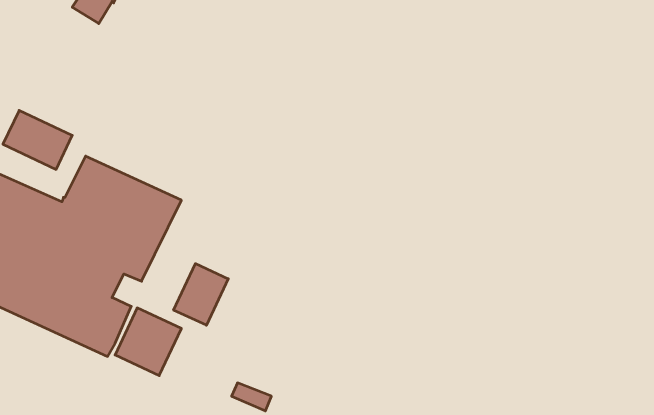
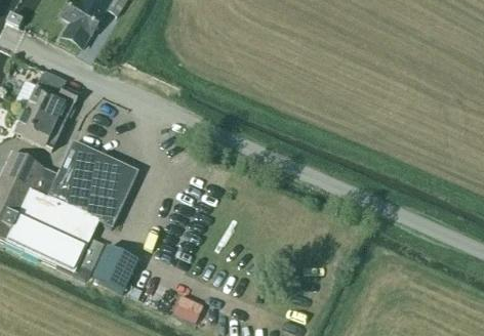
building: none -> [26,70,79,125]
building: [174,264,228,325] -> none

